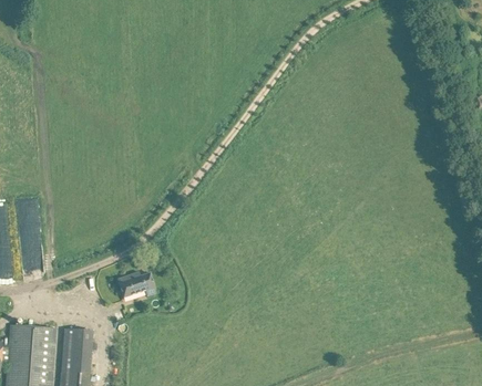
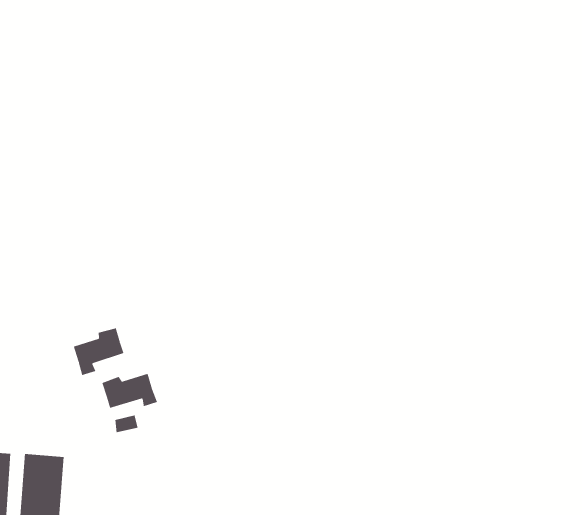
building: none -> [73,328,124,376]

